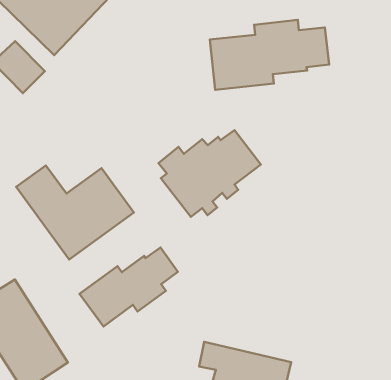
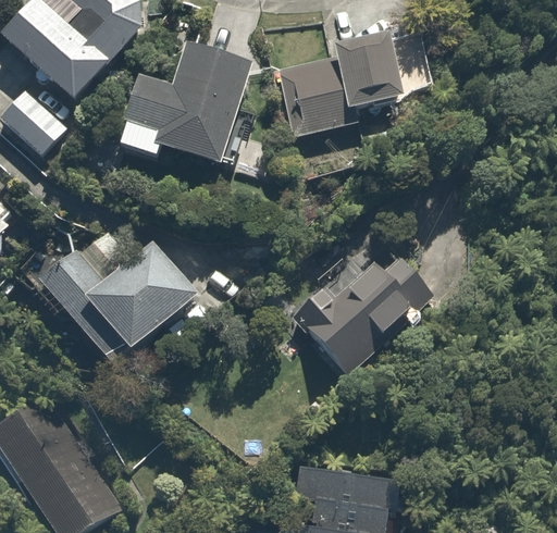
building: none -> [117,42,250,163]
building: [158,130,261,217] -> [298,255,432,371]
building: [79,248,178,327] -> none

